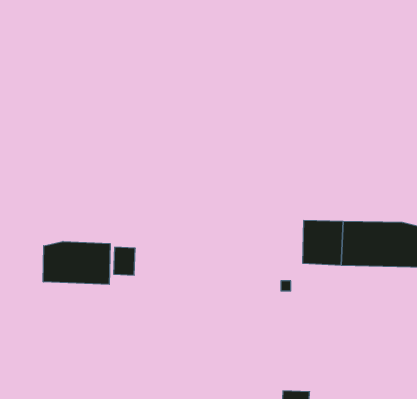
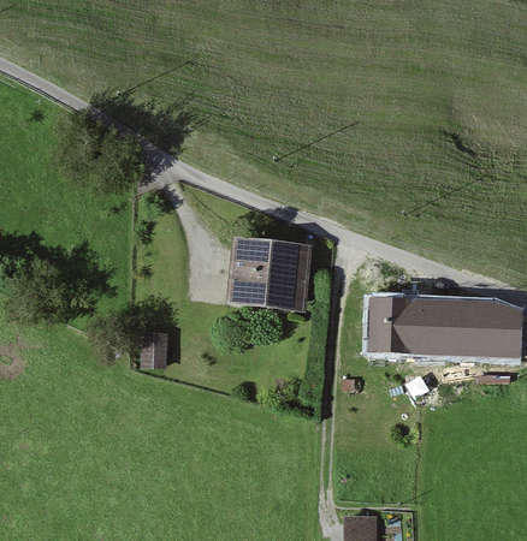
building: none -> [226,238,310,313]
building: [43,241,110,284] -> none

